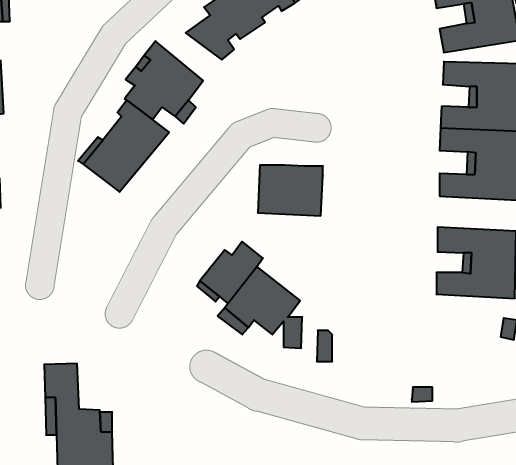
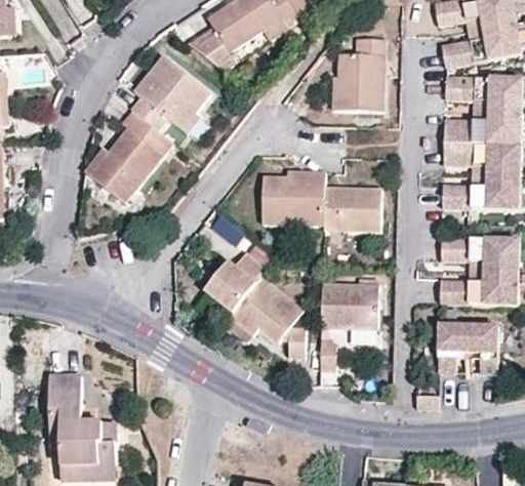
building: none -> [332,38,386,110]
building: none -> [324,186,380,231]
building: none -> [321,282,378,328]
building: none -> [436,325,497,376]

